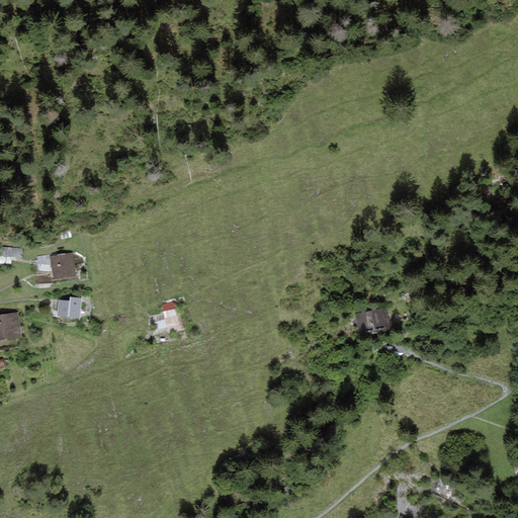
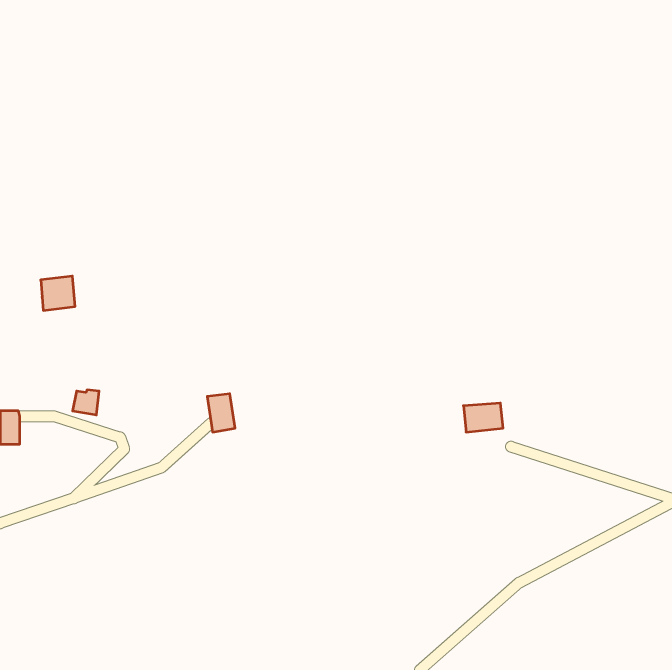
building: [48,252,74,278] -> [41,276,75,310]

